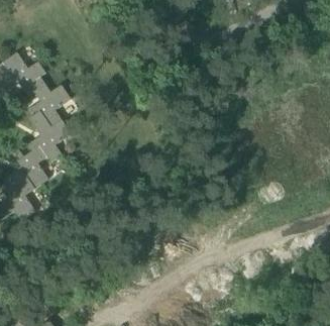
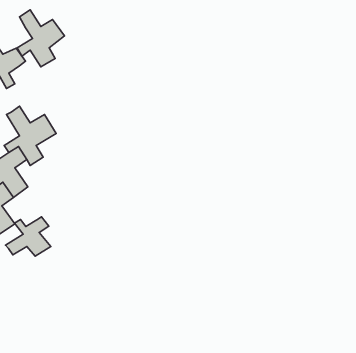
building: [30,77,71,125] -> [17,10,65,67]
building: none -> [6,217,51,256]

